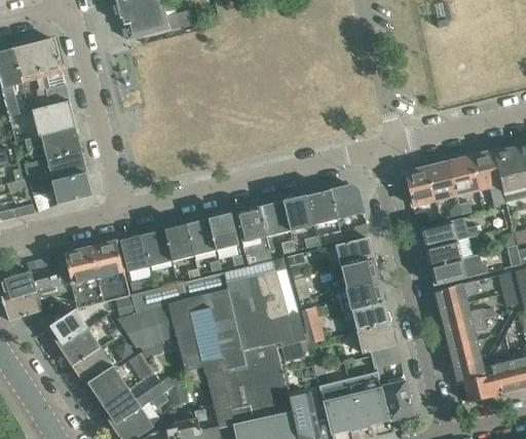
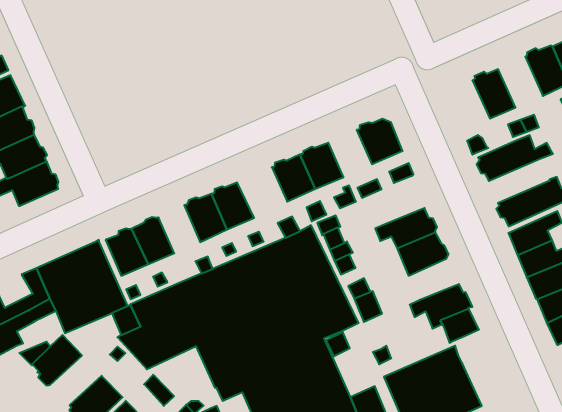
building: [449,154,480,193] -> none
building: [405,164,436,205] -> none
building: [307,189,338,224] -> none
building: [235,207,267,242] -> none
building: [165,224,194,260] -> none
building: [336,236,375,266] -> none
building: [425,236,474,265] -> none
building: [351,301,390,330] -> none
building: [59,327,100,364] -> none
building: [381,378,414,420] -> none

